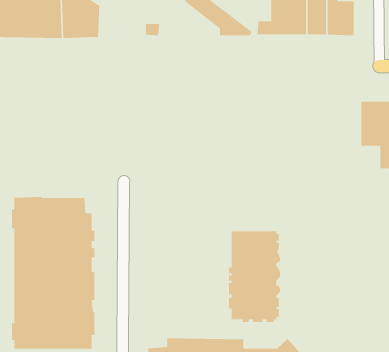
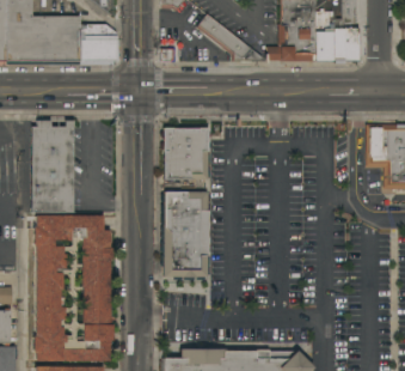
building: none -> [31,120,73,212]
building: none -> [164,127,211,178]
building: [228,231,281,322] -> [161,191,211,279]

